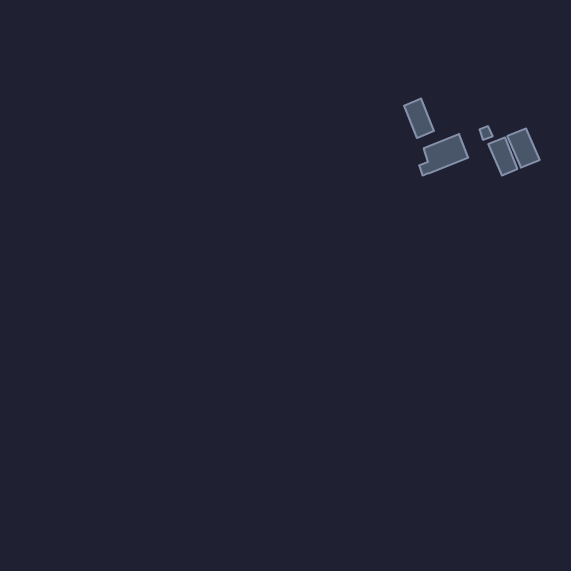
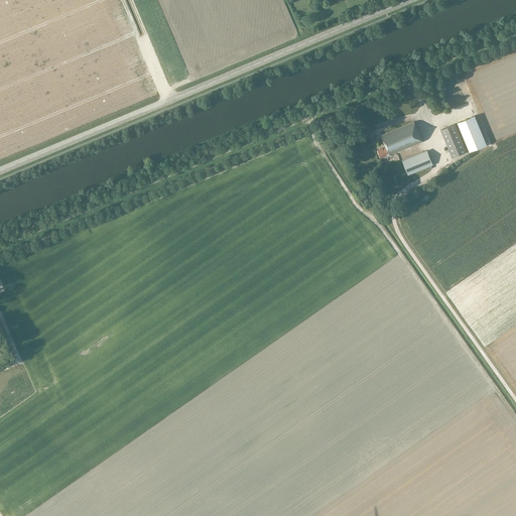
building: [404,98,434,138] -> none
building: none -> [402,150,433,175]

